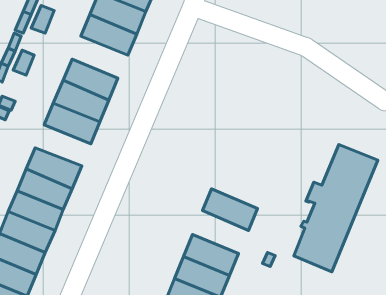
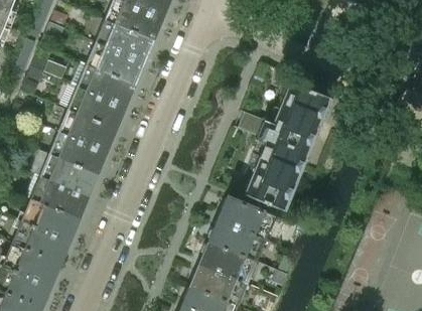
building: none -> [88,41,144,84]
building: none -> [50,131,107,172]
building: [294,144,378,272] -> [246,81,330,209]
building: none -> [209,217,266,261]

